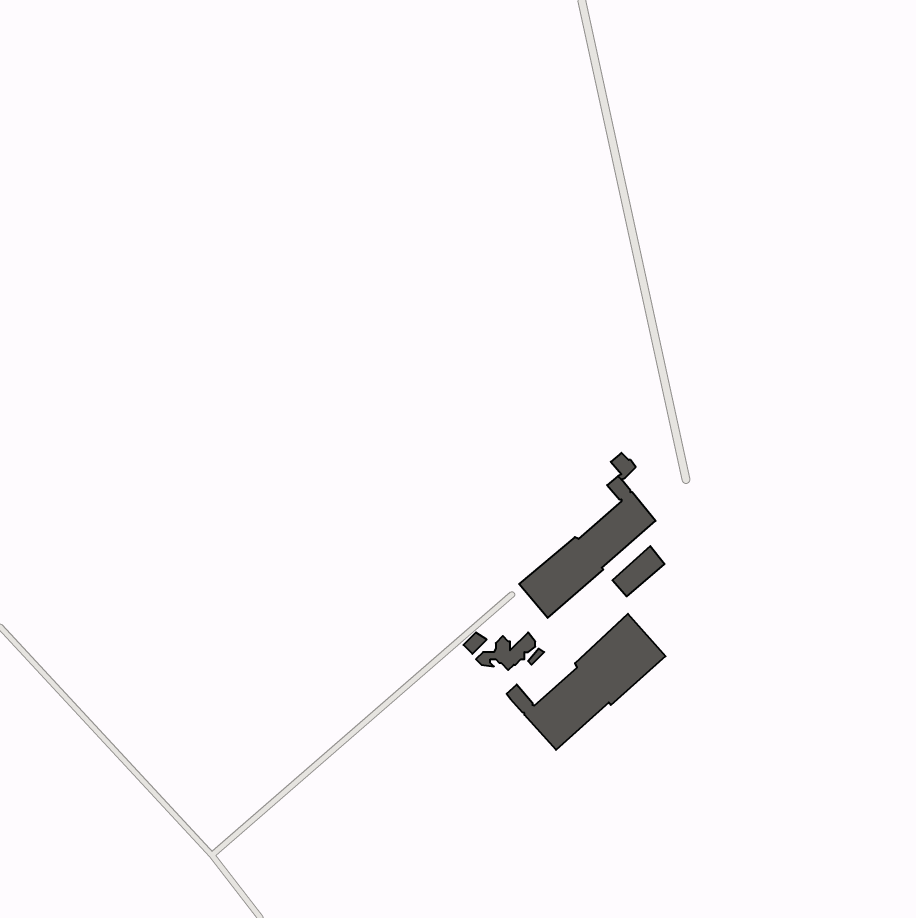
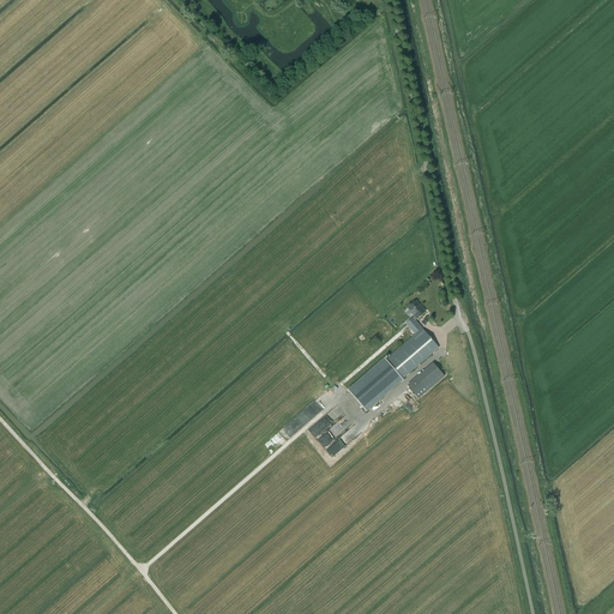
building: [507,614,666,750] -> none

